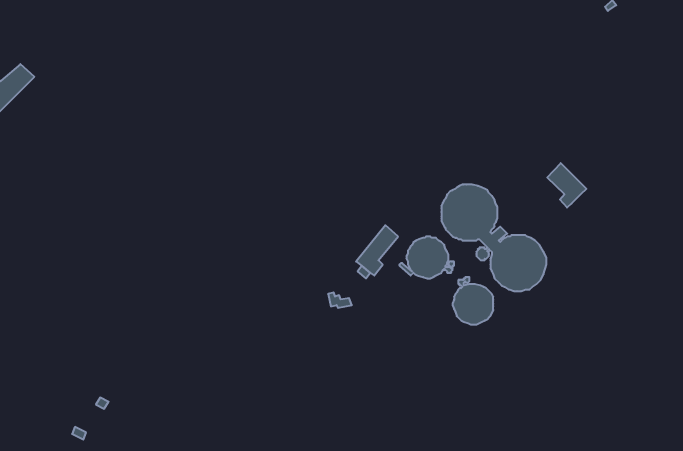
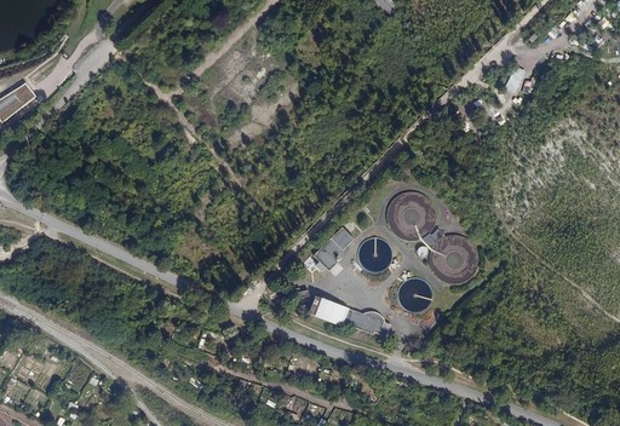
building: [547,163,586,208] -> none
building: none -> [309,295,389,335]

